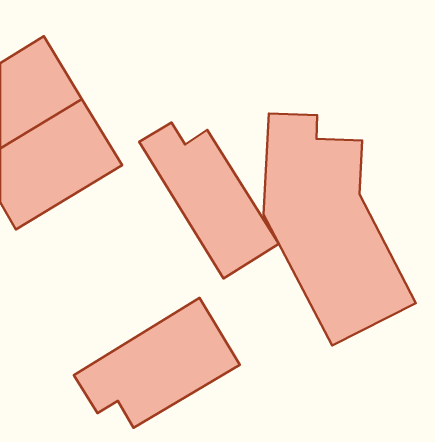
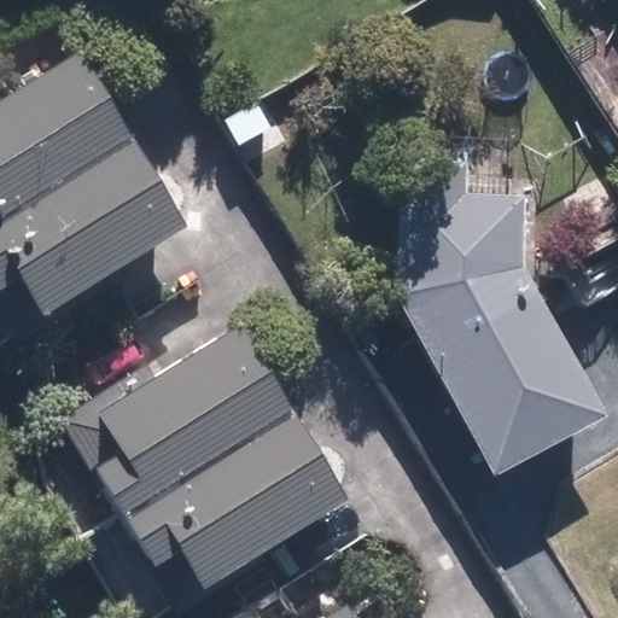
building: [139,122,279,279] -> none
building: none -> [63,325,293,515]

